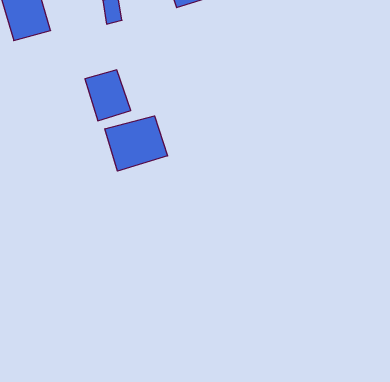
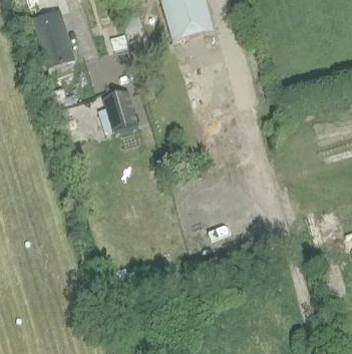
building: [105,116,168,171] -> none

